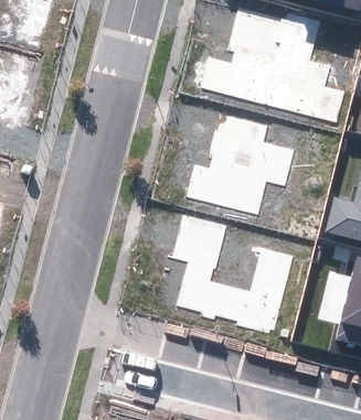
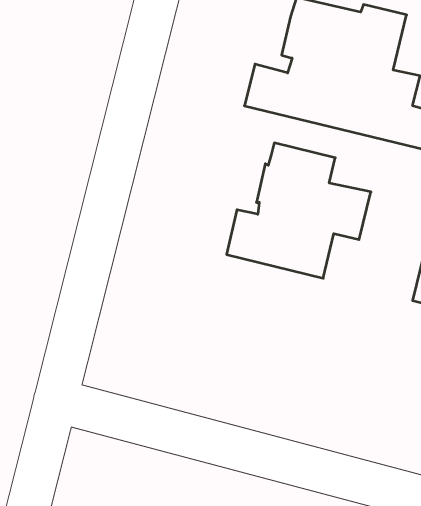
building: [167,215,293,334] -> none

